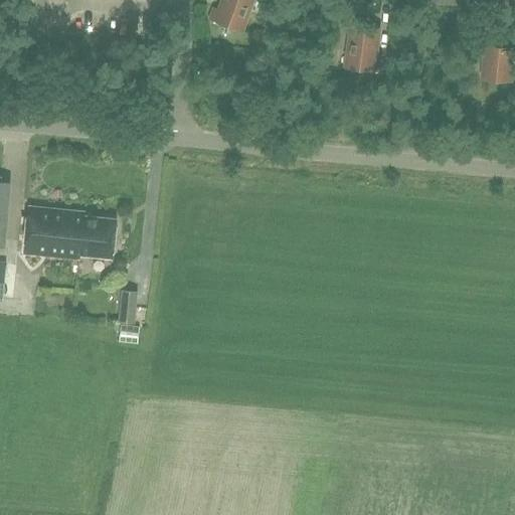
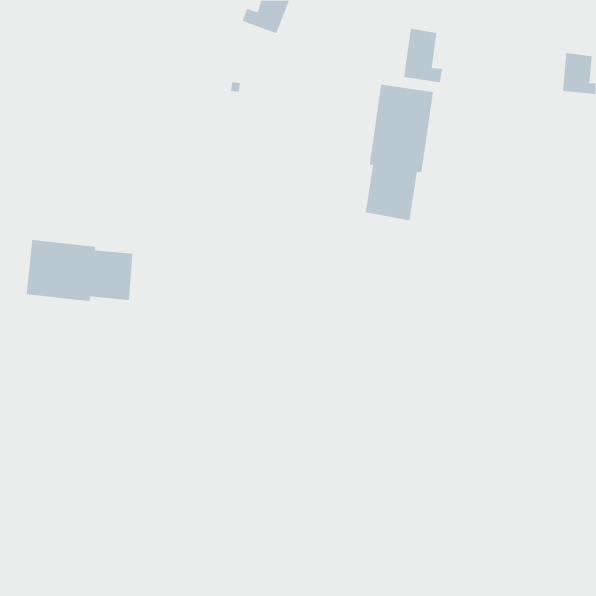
building: none -> [365,84,434,221]
building: [117,291,137,325] -> none

